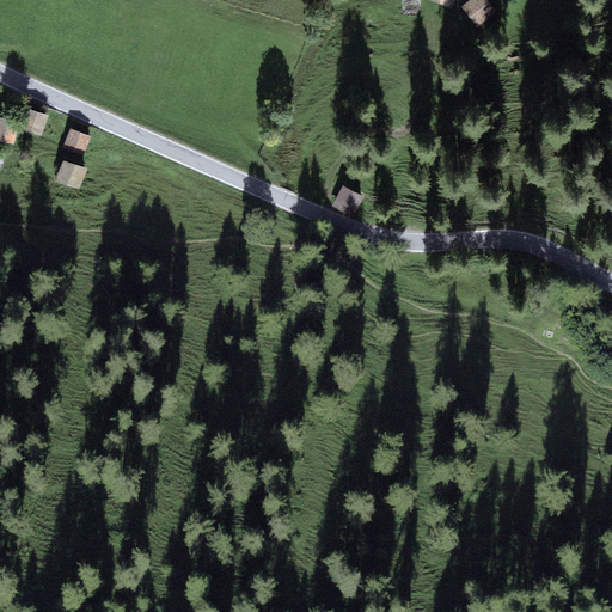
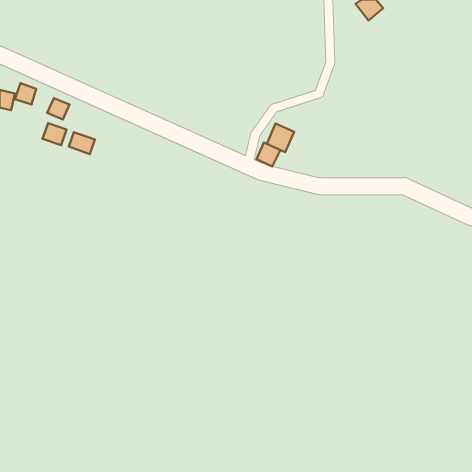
building: none -> [267,124,294,152]
building: none -> [69,132,95,154]

